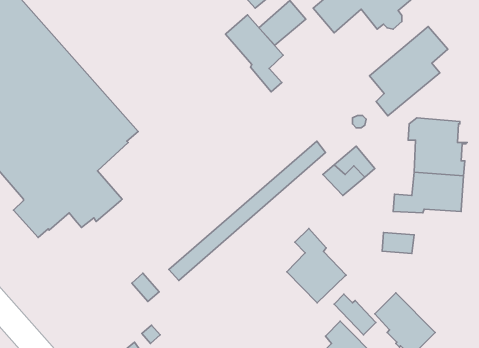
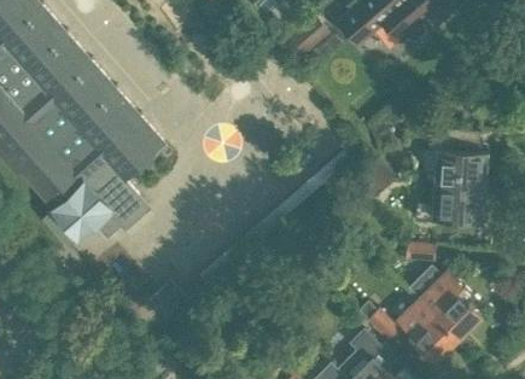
building: [225,15,283,92] -> none
building: [370,26,448,116] -> none
building: [287,229,346,303] -> none
building: none -> [418,273,480,340]

